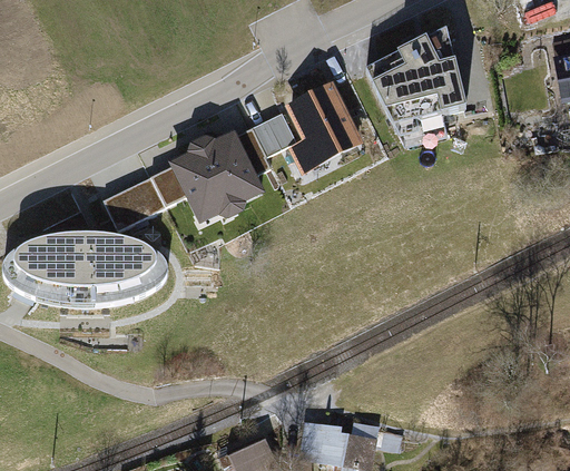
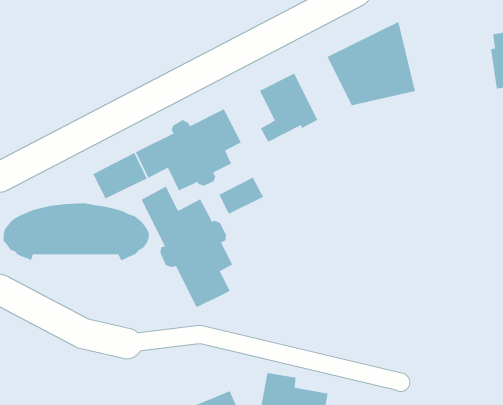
building: [254,108,299,153] -> none
building: none -> [218,176,264,215]
building: none -> [140,186,233,308]

